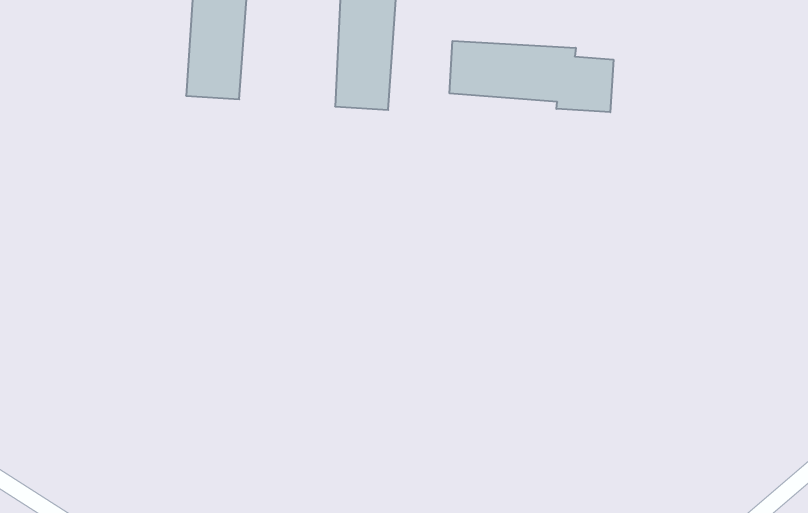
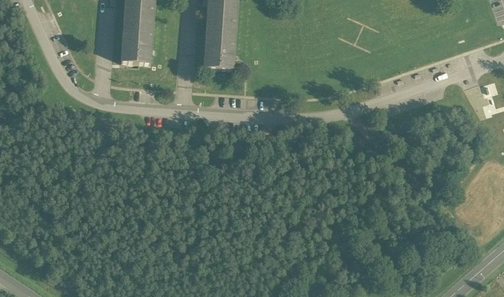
building: [450,41,613,112] -> none

